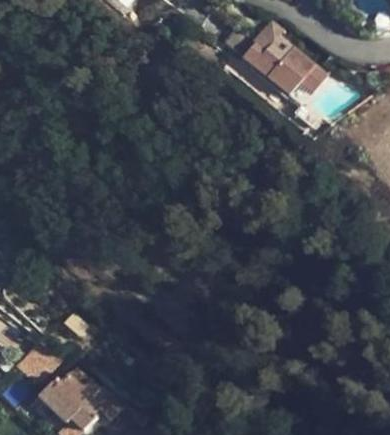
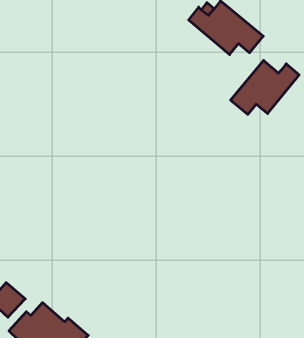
building: none -> [231,60,299,114]

